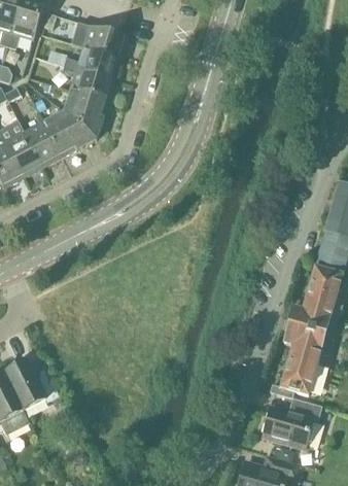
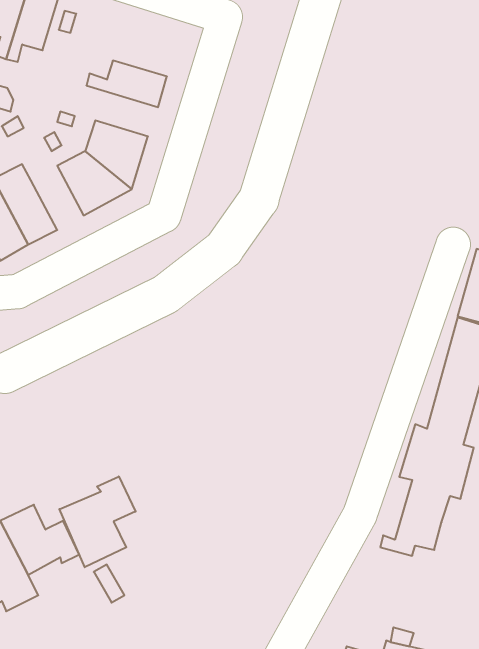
building: [70,23,126,59] -> none
building: [60,65,113,101] -> none
building: [24,122,61,167] -> none
building: none -> [59,476,136,567]
building: [263,396,322,446] -> none

